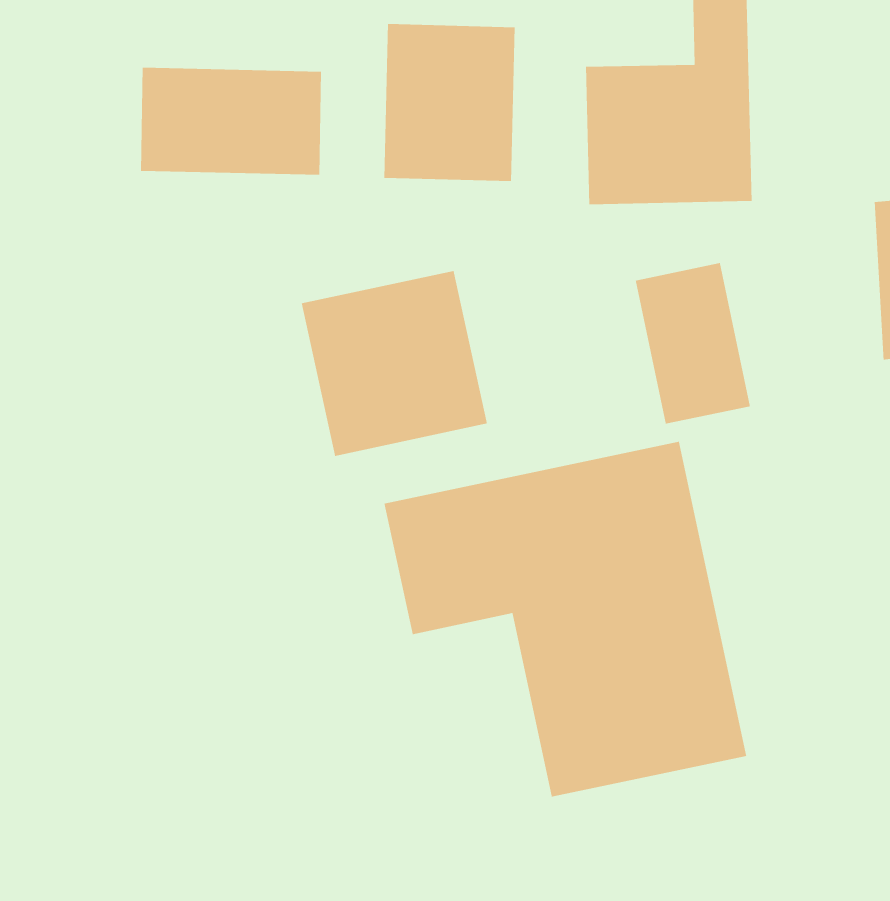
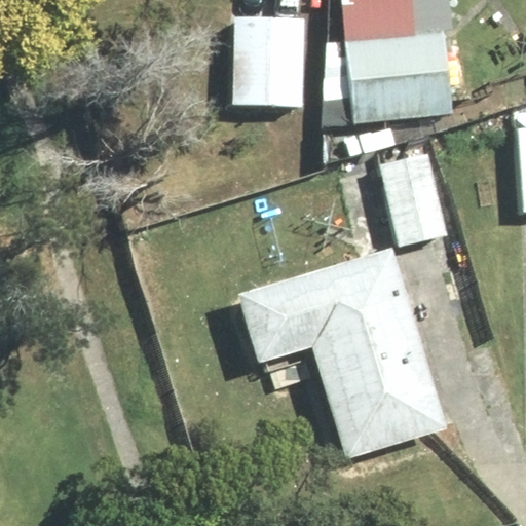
building: [140,67,322,176] -> none
building: [301,270,488,457] -> none

